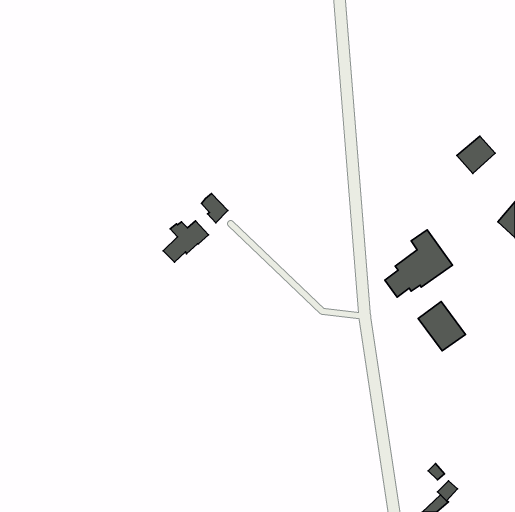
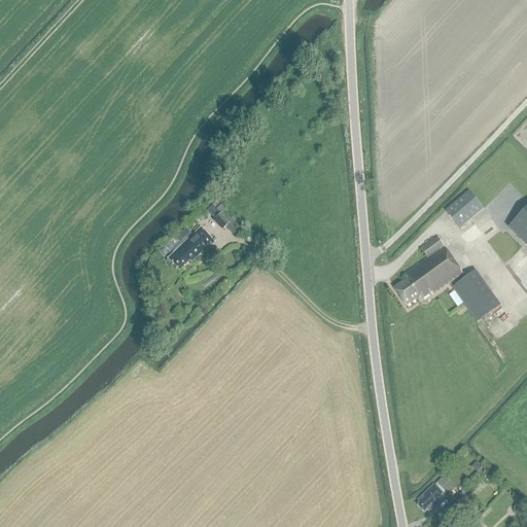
building: [457,136,495,173] -> [444,188,483,226]
building: [418,301,465,351] -> [452,270,500,320]
building: none -> [417,483,445,510]

